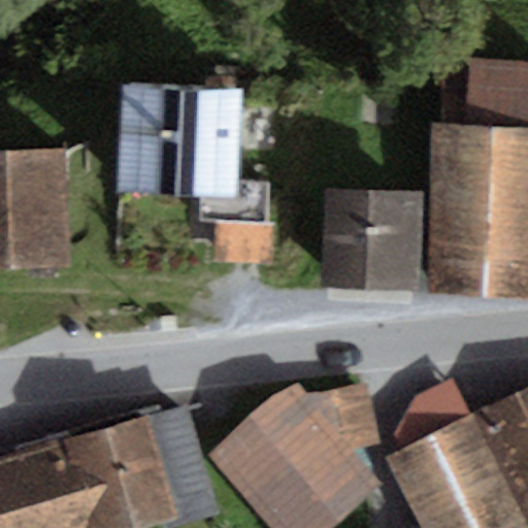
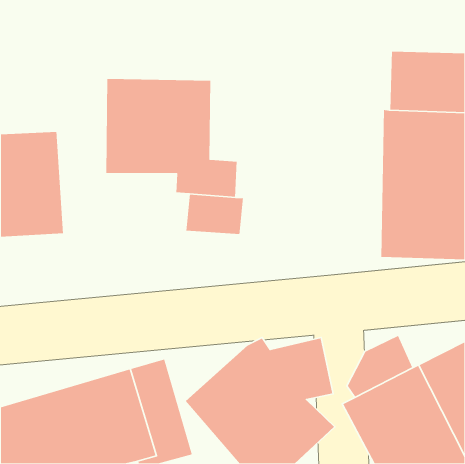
building: [324,190,422,290] -> none

